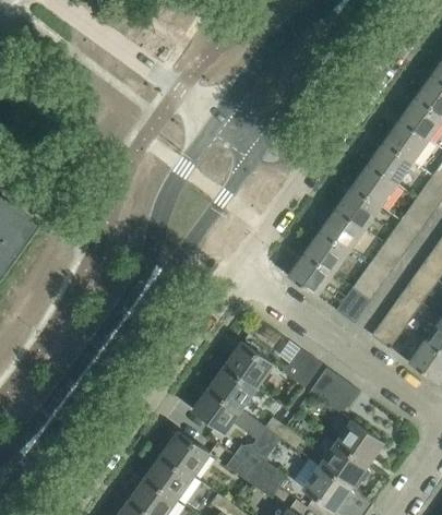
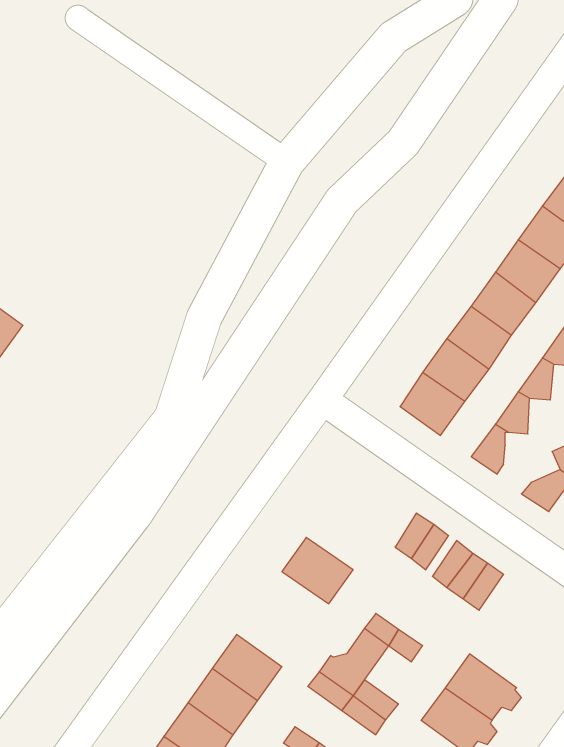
building: [226,342,274,386] -> none
building: [193,387,241,432] -> none
building: [336,420,384,466] -> none

